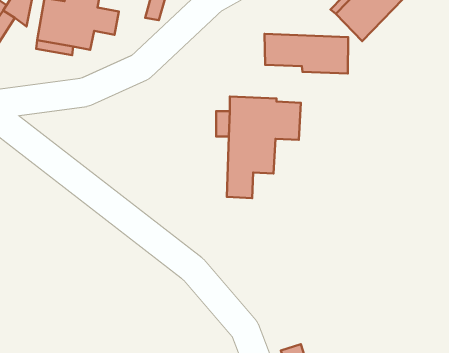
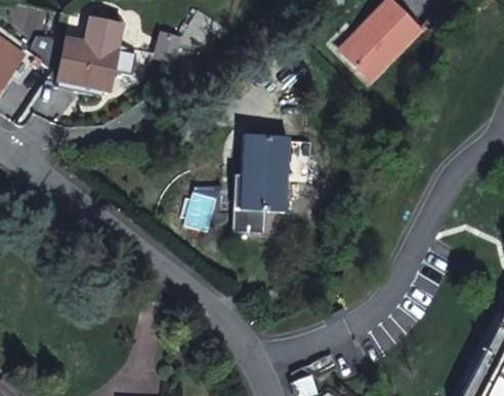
building: [265,34,348,74] -> none

